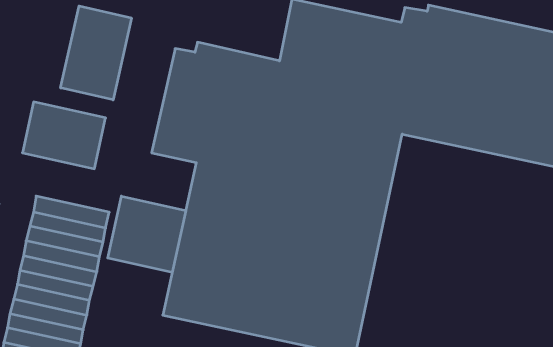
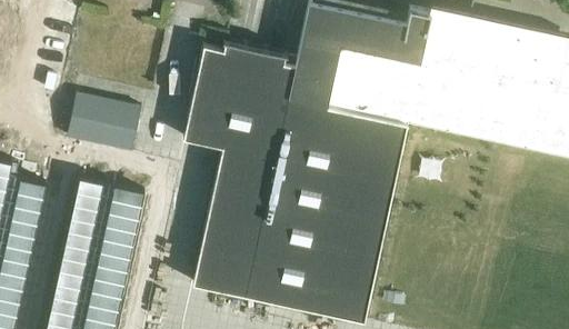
building: [61,6,131,100] -> none
building: [108,196,186,272] -> none

